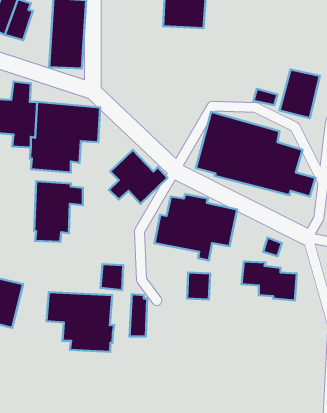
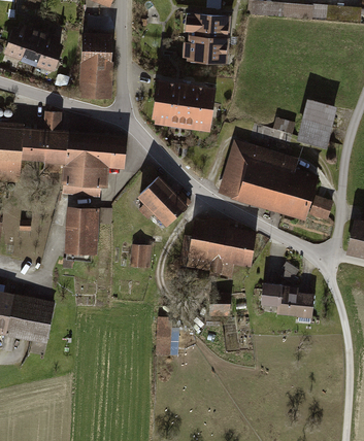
building: none -> [152,80,212,125]
building: [100,264,123,290] -> [129,244,151,269]
building: [47,292,114,352] -> none

